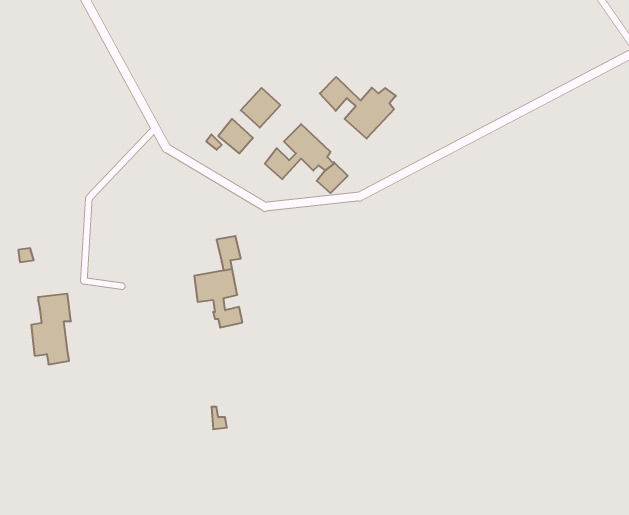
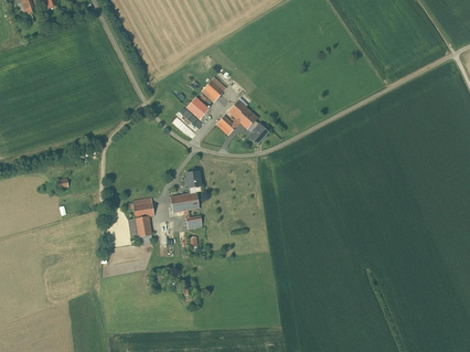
building: [320,77,396,139] -> none
building: [31,294,71,364] -> [128,199,153,244]

